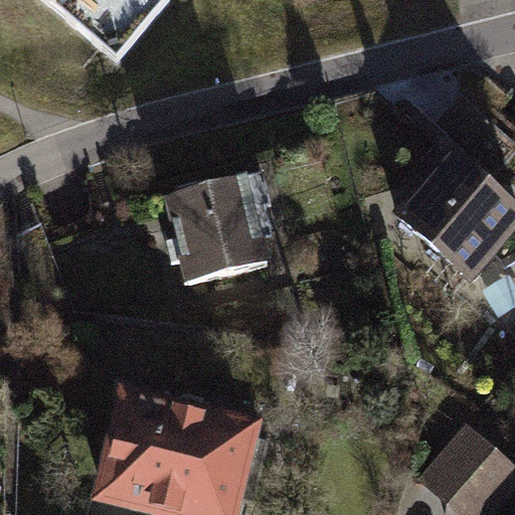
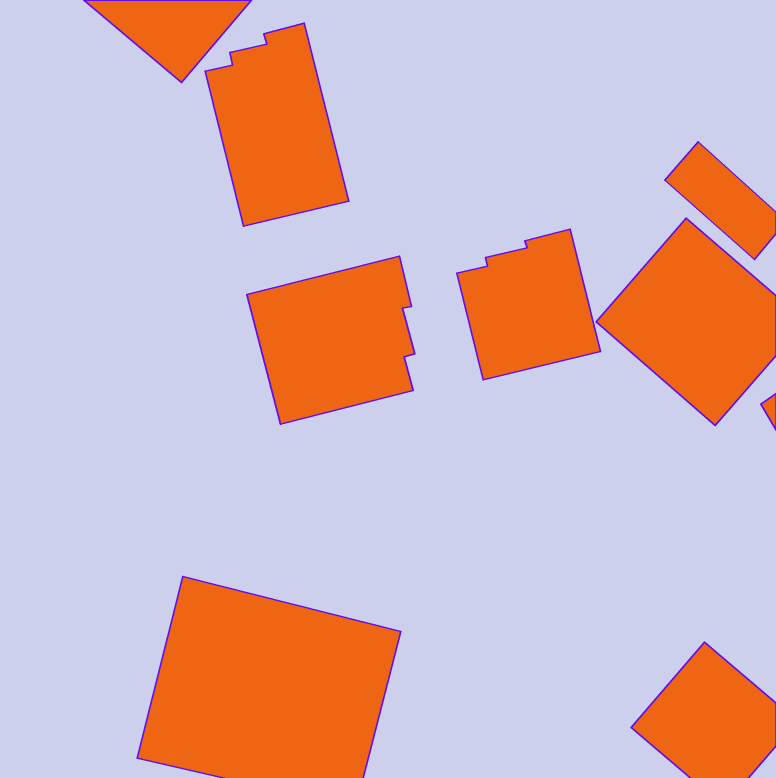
building: none -> [205,23,349,226]
building: none -> [457,229,601,380]

